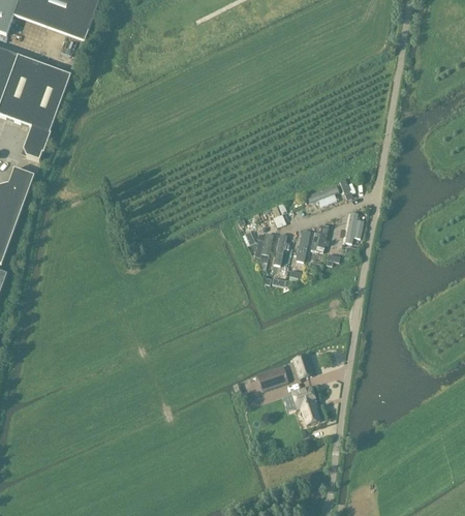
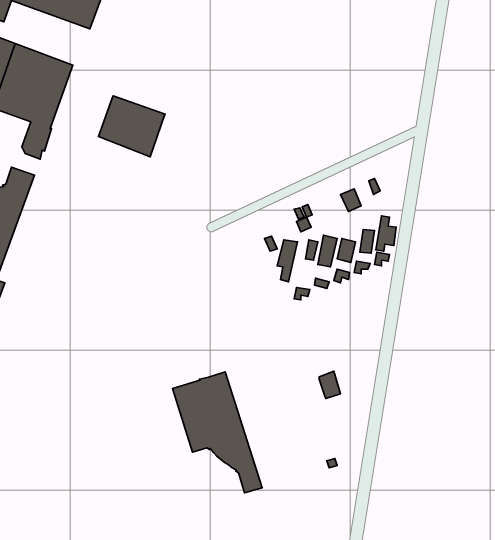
building: none -> [98,96,165,157]
building: none -> [173,372,262,493]
building: [257,364,287,387] -> none
building: [289,384,319,423] -> none

